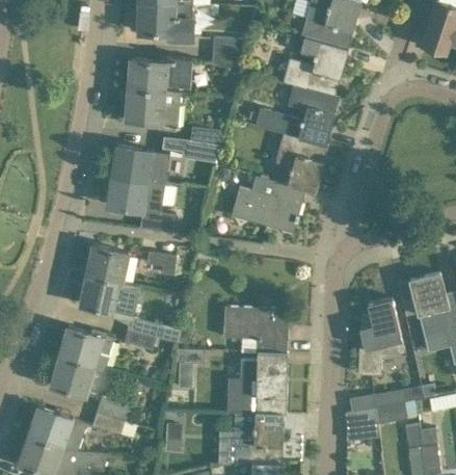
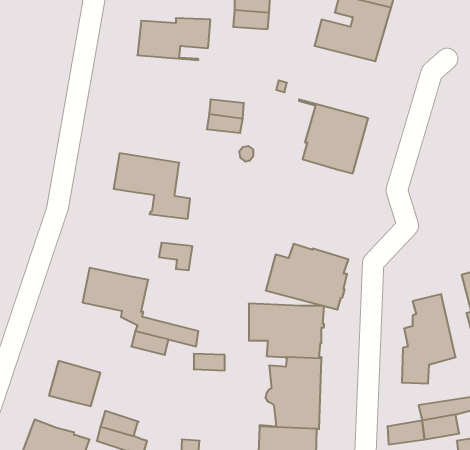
building: [267,81,339,143] -> none
building: [125,89,180,128] -> none
building: [111,146,167,183] -> none
building: [230,176,301,233] -> [266,244,348,310]
building: [85,245,126,282] -> none
building: [58,326,112,369] -> none

